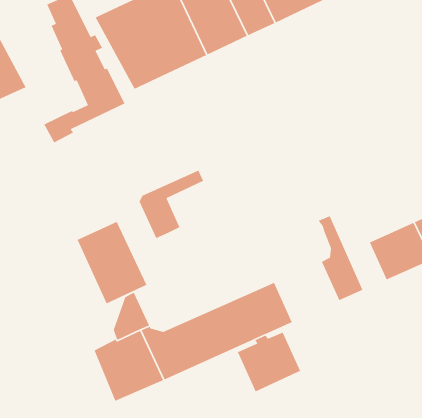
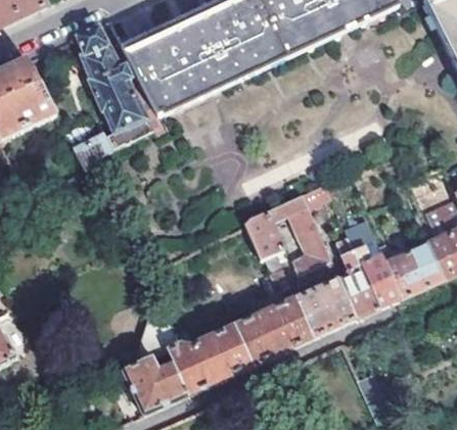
building: [139,169,204,239] -> [244,194,307,260]
building: none -> [291,210,330,276]
building: none -> [344,223,401,307]
building: [77,221,147,305] -> none
building: [237,331,301,392] -> [294,280,356,338]

